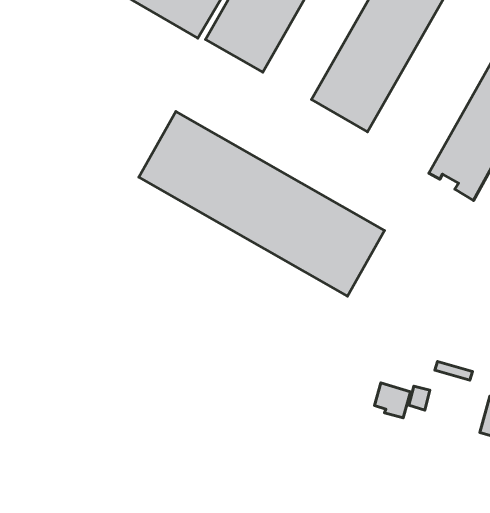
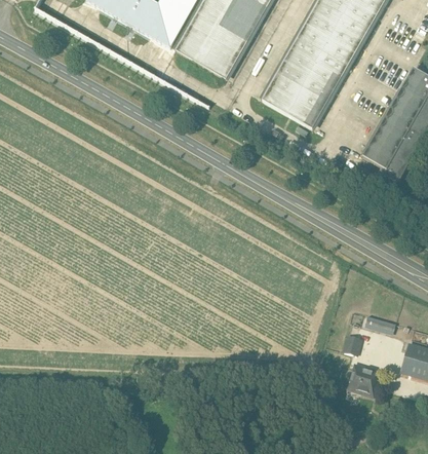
building: [139,111,384,296] -> none
building: [374,383,411,418] -> [351,366,381,394]

